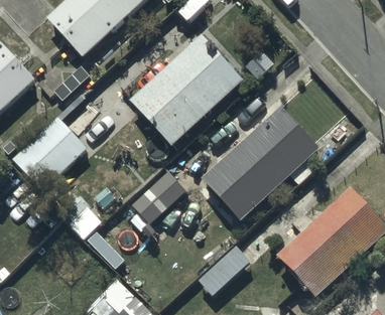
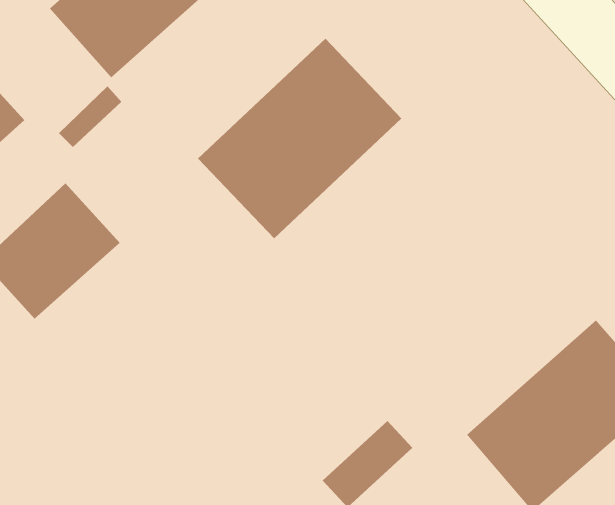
building: [203,107,320,220] -> none
building: [130,170,185,223] -> none

